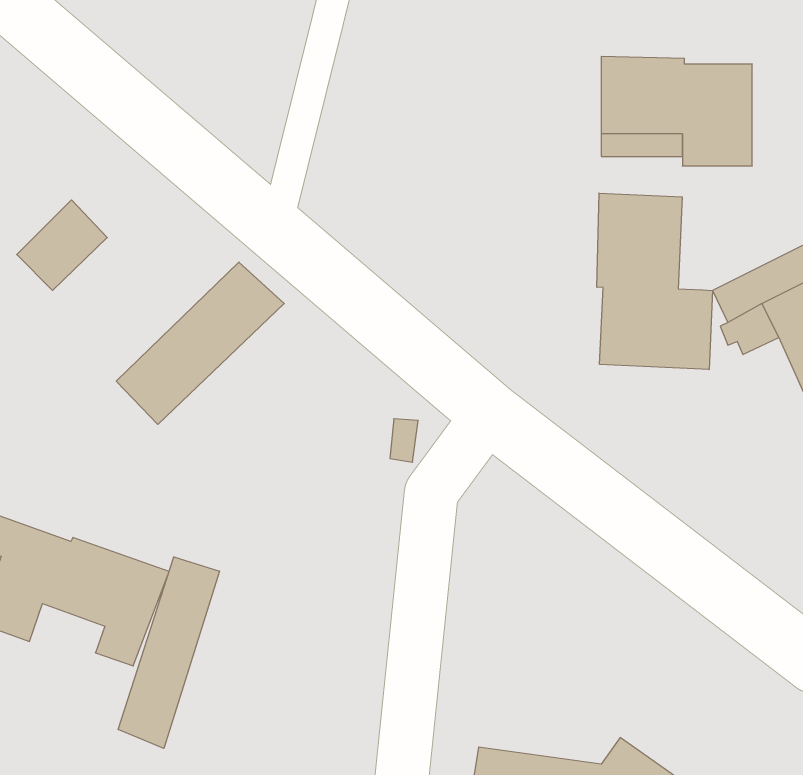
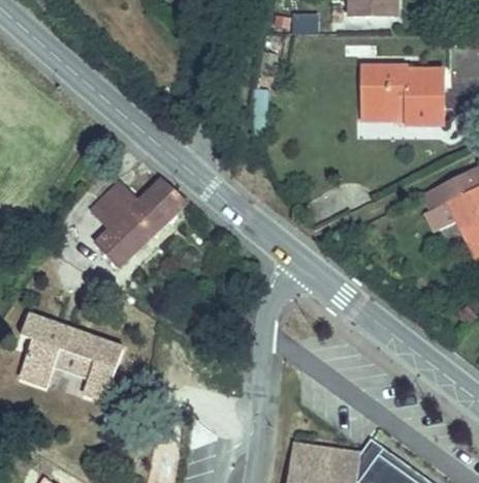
building: [597,193,713,370] -> none
building: [17,200,107,290] -> [90,180,139,230]
building: [118,557,220,748] -> none

